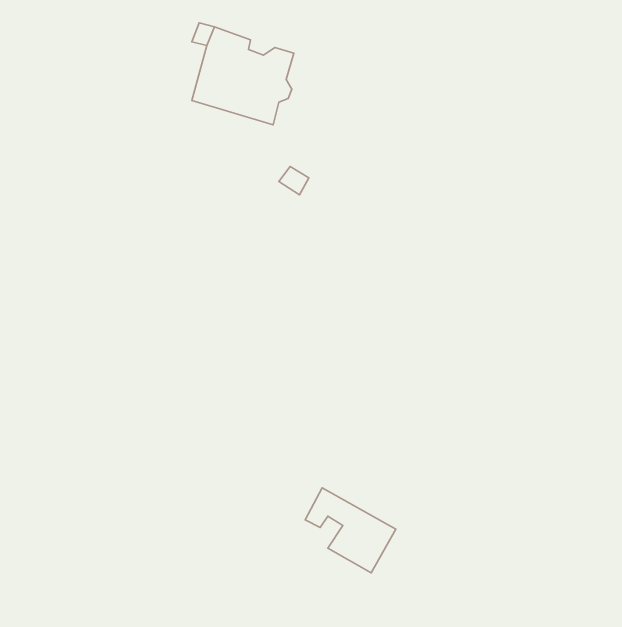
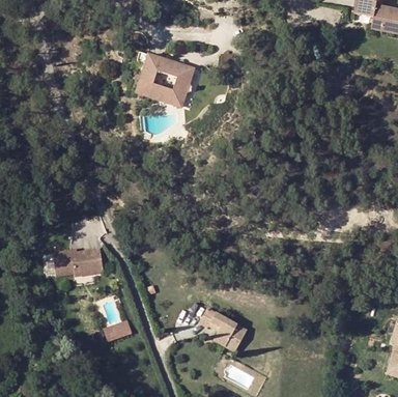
building: none -> [45,252,94,277]
building: none -> [104,318,134,339]

